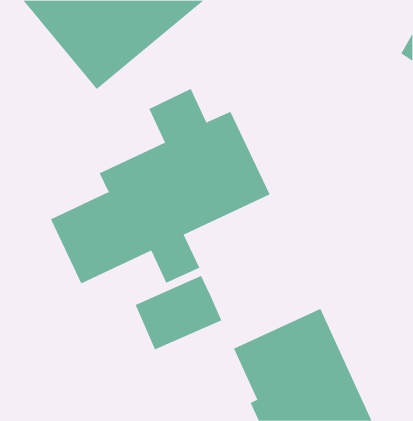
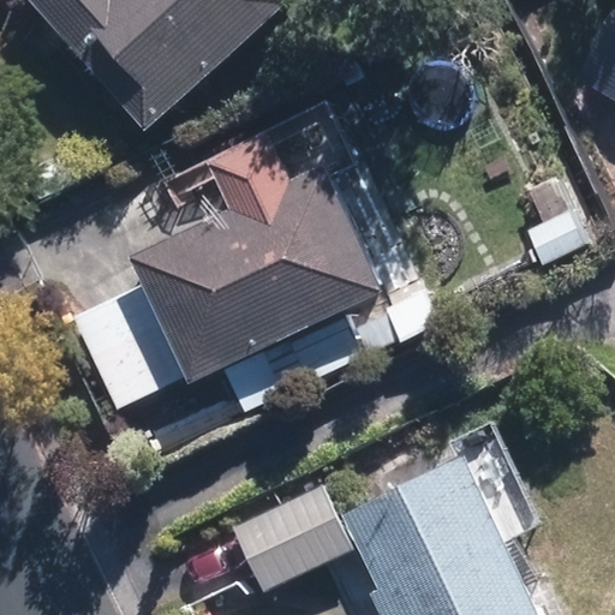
building: [135,275,222,350] -> [229,479,357,589]

